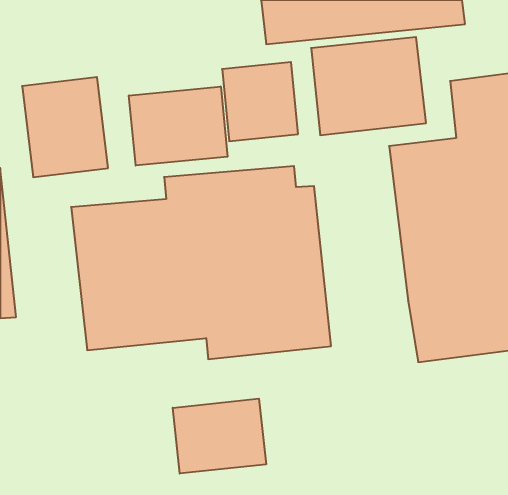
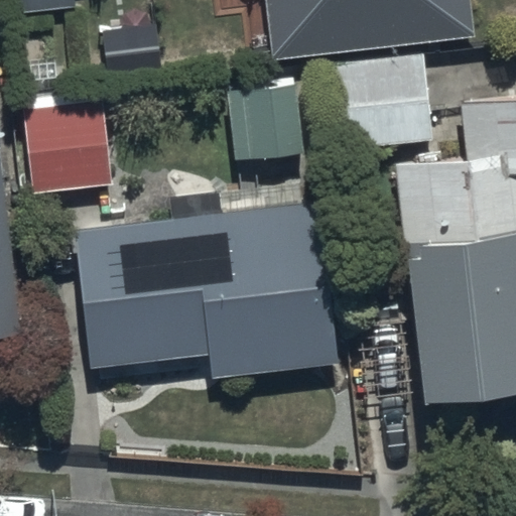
building: [129,86,228,166] -> none
building: [173,399,266,474] -> none

